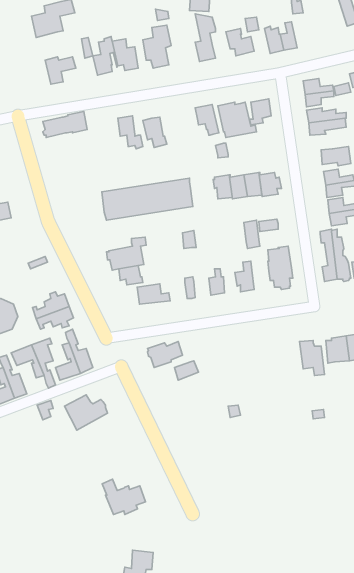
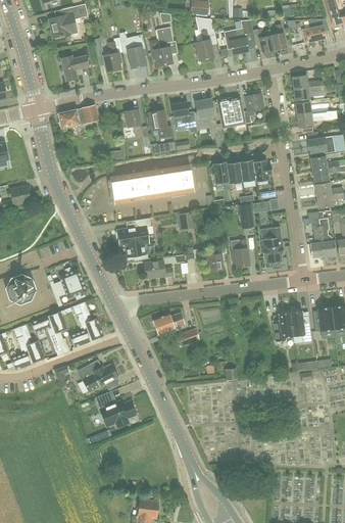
building: none -> [302,18,329,43]
building: none -> [171,102,197,132]
building: none -> [273,312,292,341]
building: [102,479,145,514] -> [96,394,135,426]

